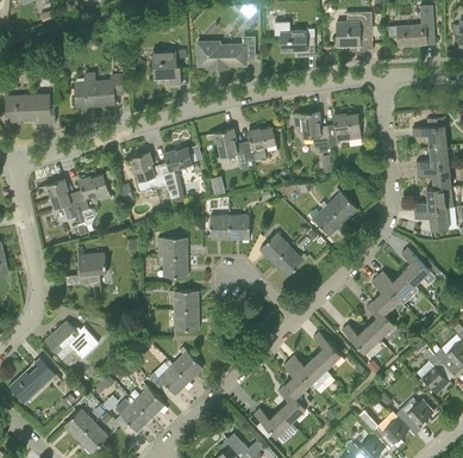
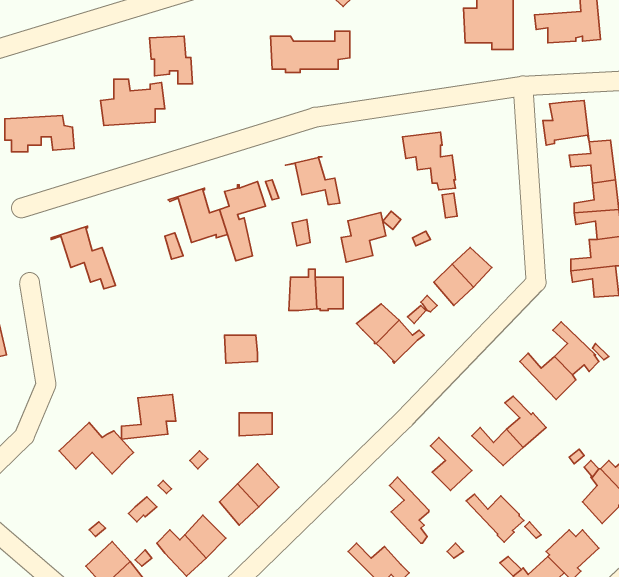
building: [274,21,314,57] -> none
building: [149,51,180,86] -> [150,36,193,84]
building: [327,113,361,146] -> [543,101,589,145]
building: [243,126,275,162] -> [341,213,386,262]
building: [75,174,107,225] -> none
building: [156,237,187,258] -> none
building: [65,253,105,285] -> [121,395,176,439]
building: [370,277,403,315] -> none
building: [174,291,198,314] -> none
building: [288,355,330,390] -> [466,494,524,542]
building: [7,358,55,398] -> none
building: [277,385,307,423] -> none

